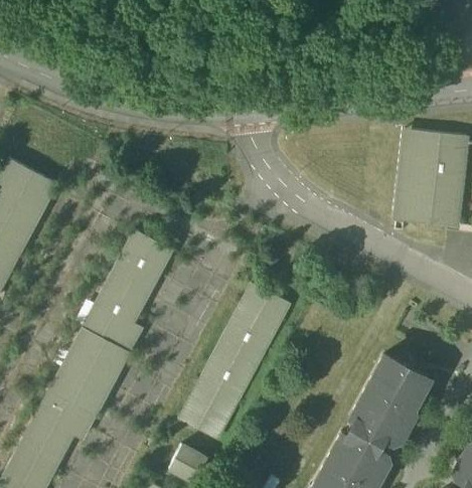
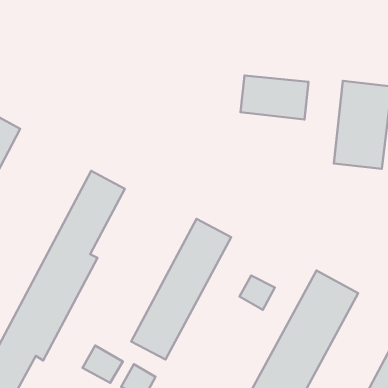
building: none -> [240,75,309,119]
building: none -> [240,275,275,310]
building: none -> [83,345,123,383]

